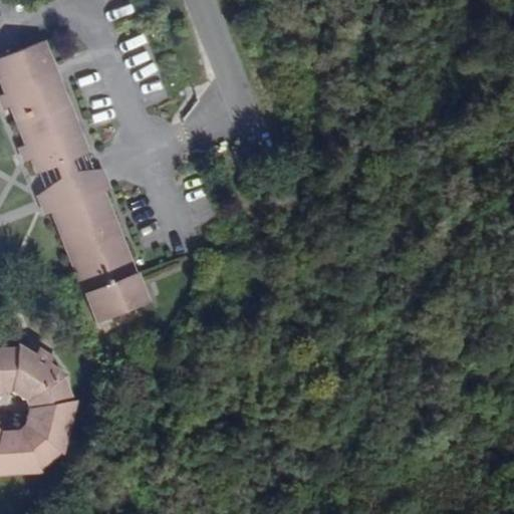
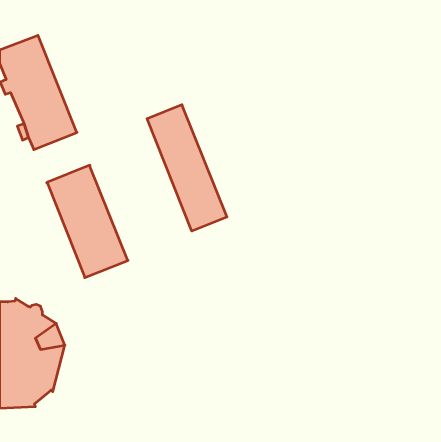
building: none -> [147,105,227,231]
building: [39,170,112,216] -> none

